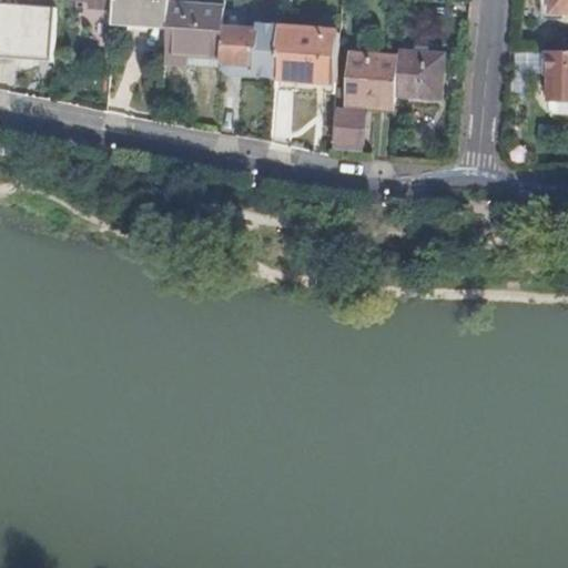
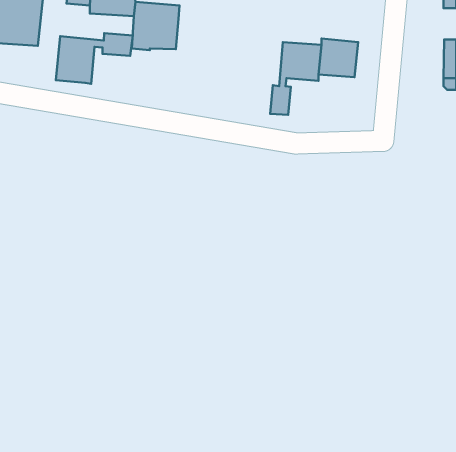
building: [217,23,257,63] -> none
building: [271,24,337,92] -> none
building: none -> [56,33,133,84]

